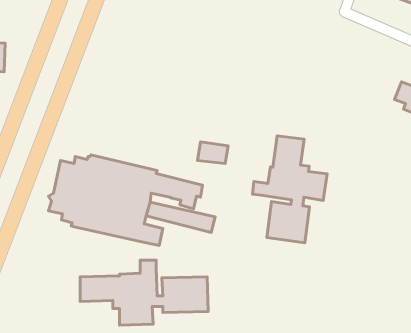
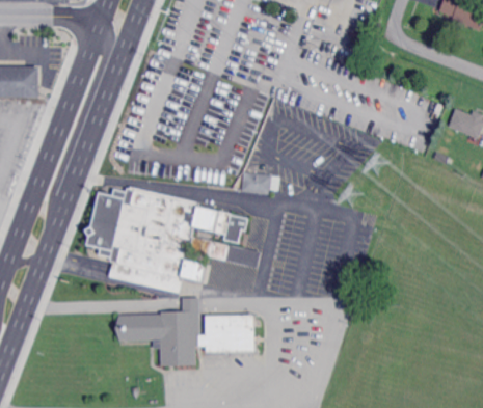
building: [252,136,327,243] -> none
building: none -> [108,261,181,292]

